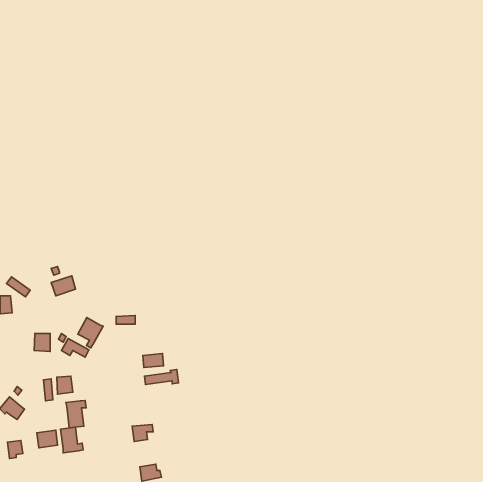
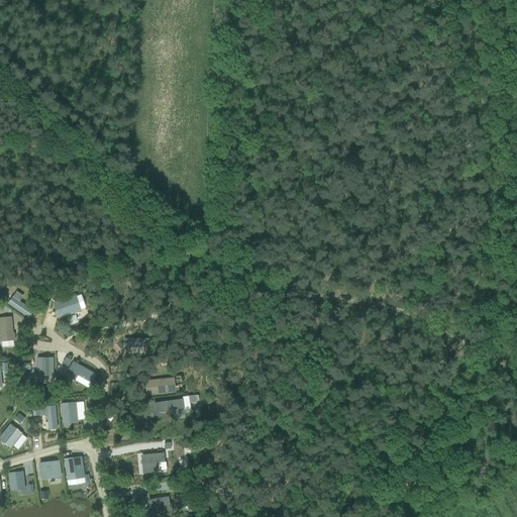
building: [78,317,103,348] -> none
building: [66,401,86,428] -> none

